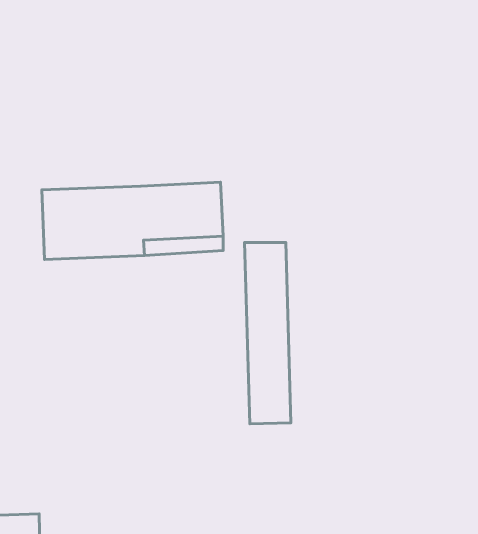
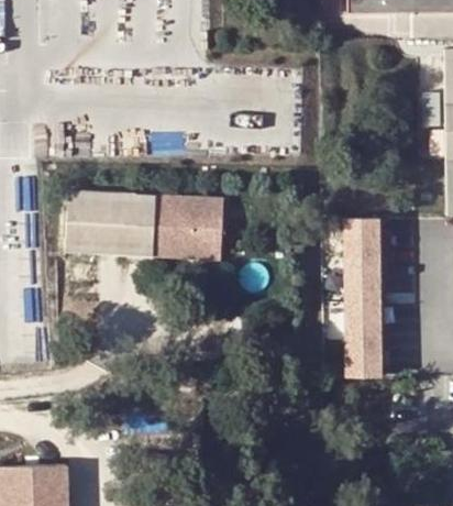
building: [245,243,291,424] -> [342,223,382,378]

